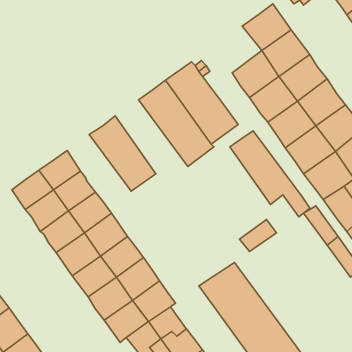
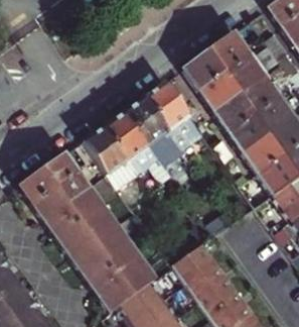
building: none -> [183,49,223,88]
building: [230,131,310,217] -> [104,110,169,181]

